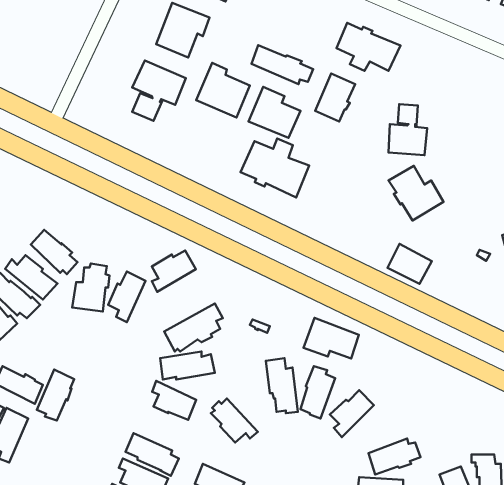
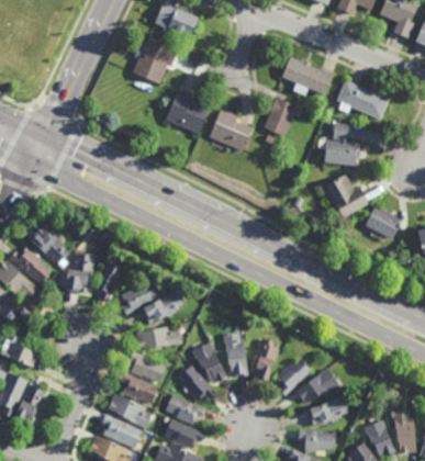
building: [251,45,313,84] -> none
building: none -> [336,80,389,119]
building: [132,60,186,121] -> none
building: [241,139,309,198] -> none
building: [388,244,432,284] -> [366,205,402,238]
building: [152,250,196,292] -> [122,281,158,315]
building: [304,318,359,359] -> none
building: [37,370,74,420] -> [14,384,45,426]
building: none -> [193,341,227,382]
building: none -> [295,368,339,404]
building: none -> [121,372,158,403]
building: none -> [166,394,205,425]

